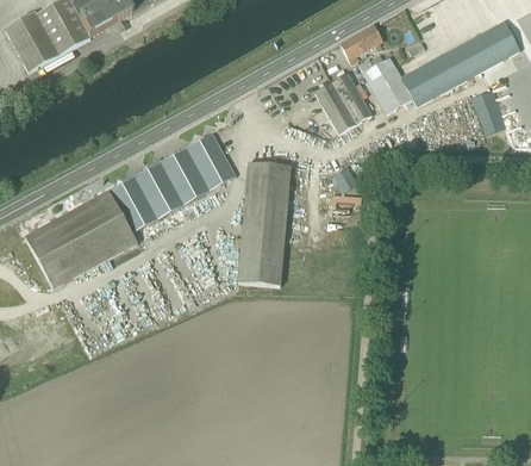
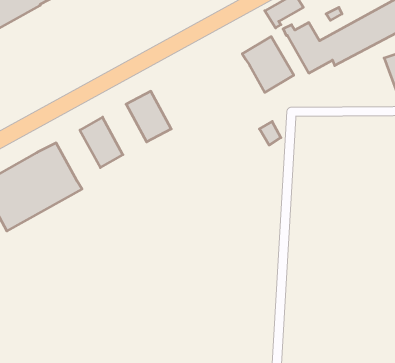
building: [158,148,207,204] -> none
building: [236,162,289,285] -> none
building: [107,176,156,232] -> none

